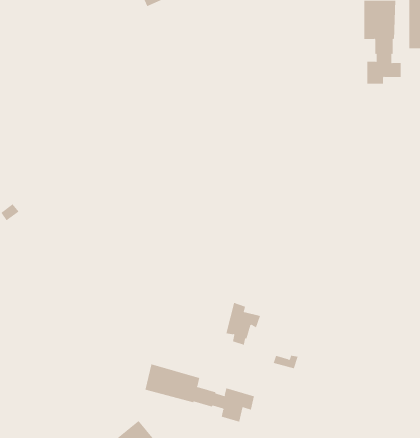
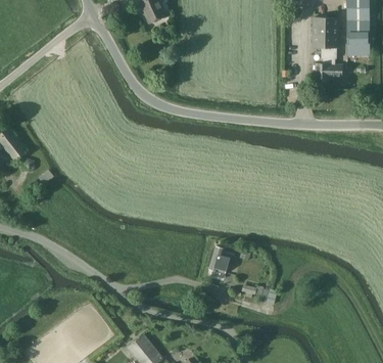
building: [145,364,255,422] -> none

